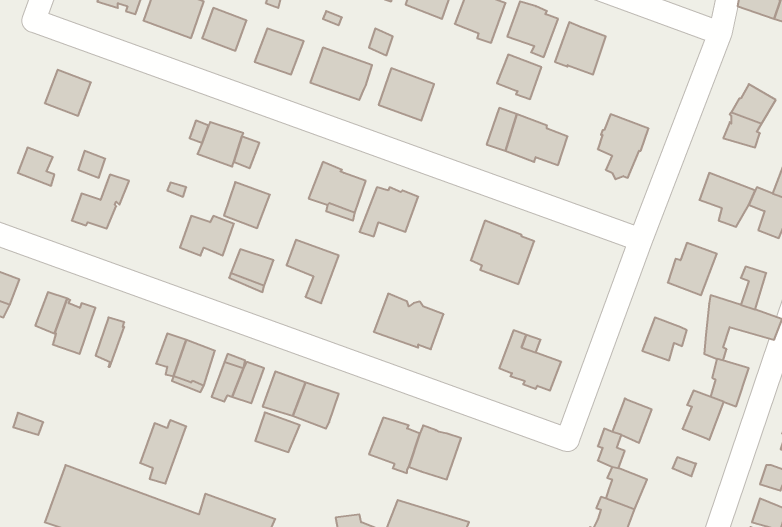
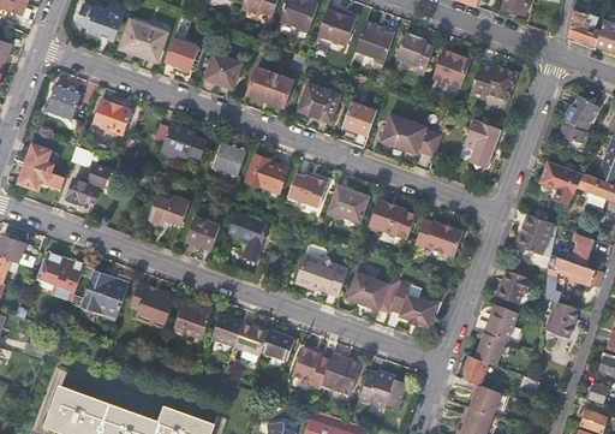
building: none -> [468,63,515,100]
building: [497,55,541,99] -> [342,102,376,136]
building: none -> [92,99,132,135]
building: none -> [18,162,65,189]
building: [224,182,270,228] -> [213,142,247,177]
building: none -> [326,184,370,222]
building: none -> [414,219,462,256]
building: none -> [347,273,400,313]
building: [682,391,724,440] -> [486,305,518,343]
building: [255,412,300,452] -> [261,329,294,359]
building: [140,420,186,484] -> [95,277,130,325]
building: none -> [358,370,405,409]

